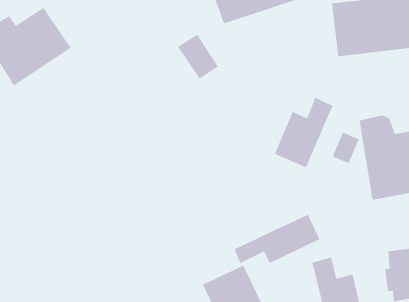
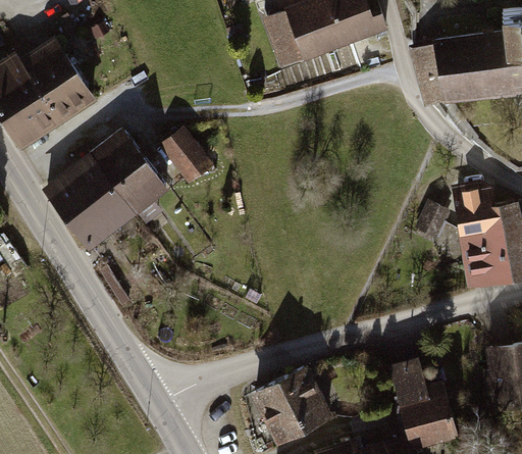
building: [177,34,219,79] -> [166,125,218,183]
building: none -> [47,133,164,245]
building: [274,97,333,168] -> none
building: [234,214,320,264] -> none

